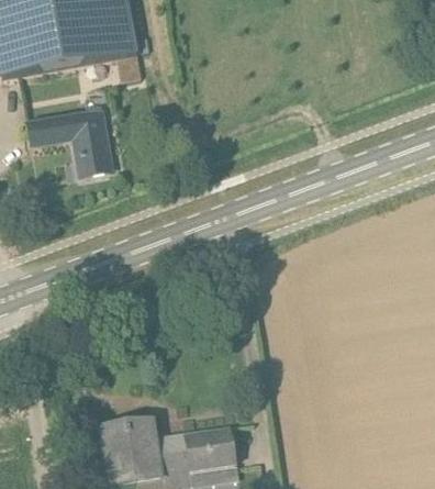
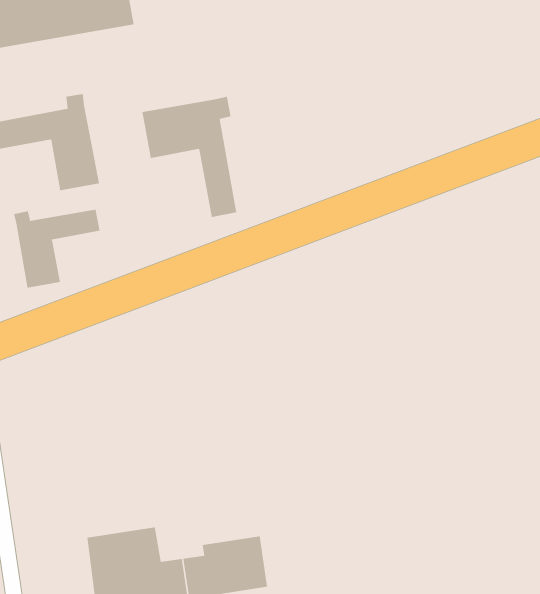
building: none -> [142,96,237,218]
building: none -> [13,209,100,288]

